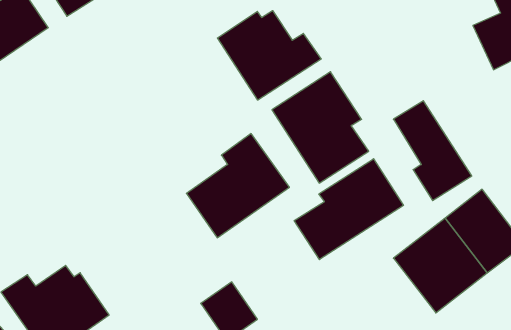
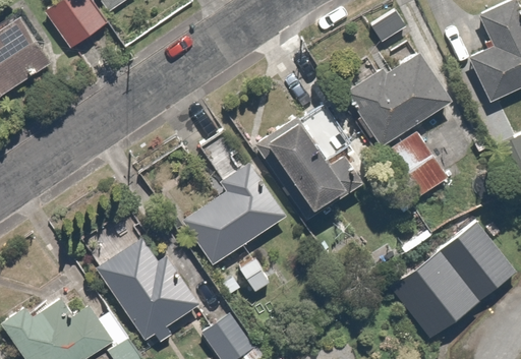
building: [217,11,321,100] -> none
building: none -> [350,59,447,141]
building: [294,159,403,260] -> none
building: none -> [97,232,201,342]

